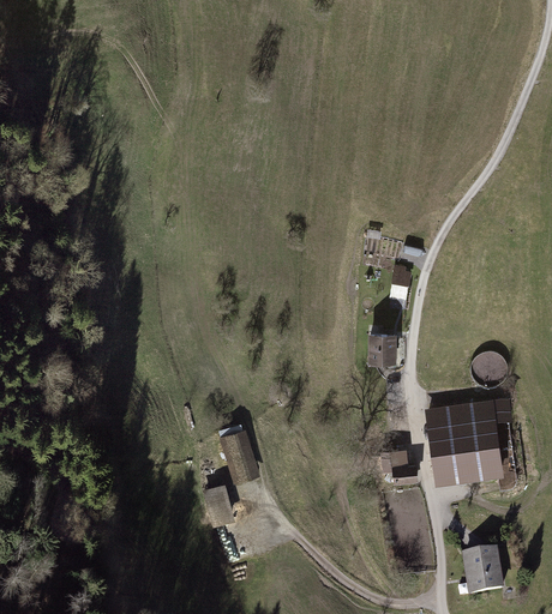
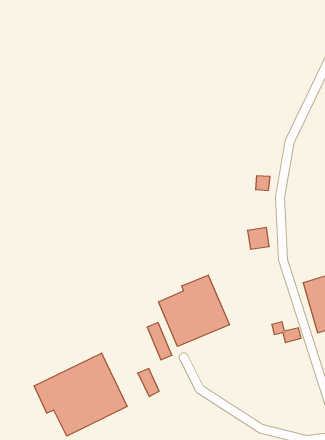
building: none -> [159,275,229,346]
building: none -> [34,353,127,436]

